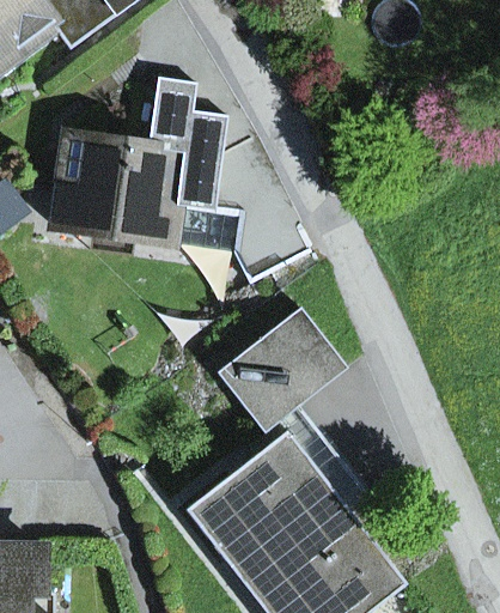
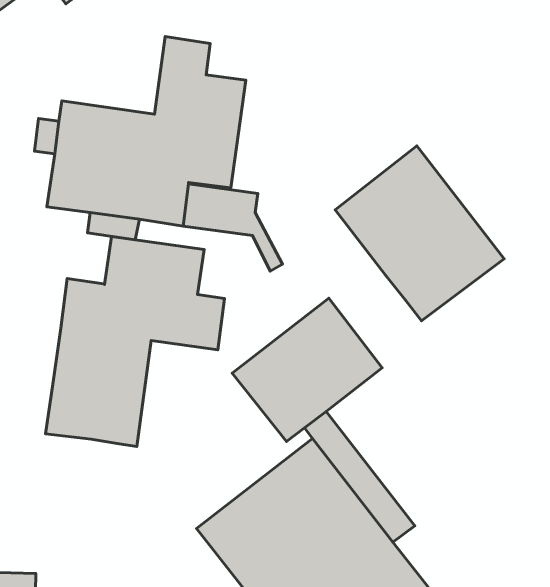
building: none -> [335,146,504,321]
building: none -> [45,236,224,446]

